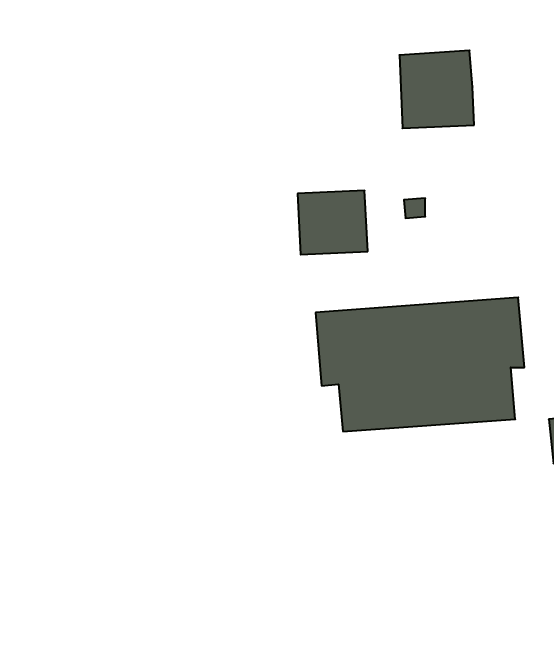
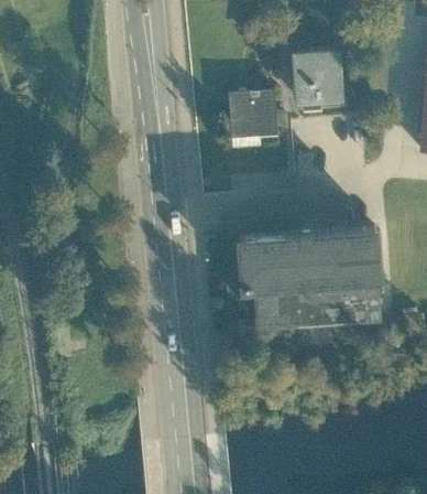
building: [298,191,368,255] -> [229,93,280,139]

